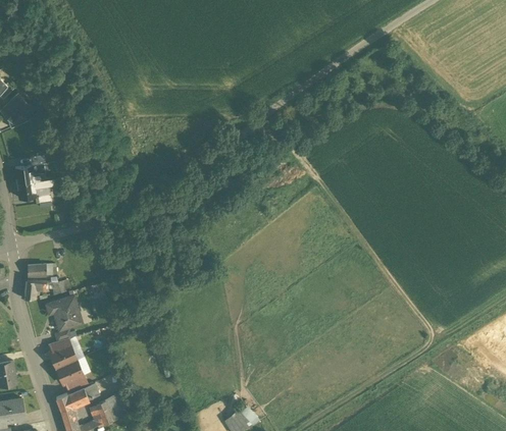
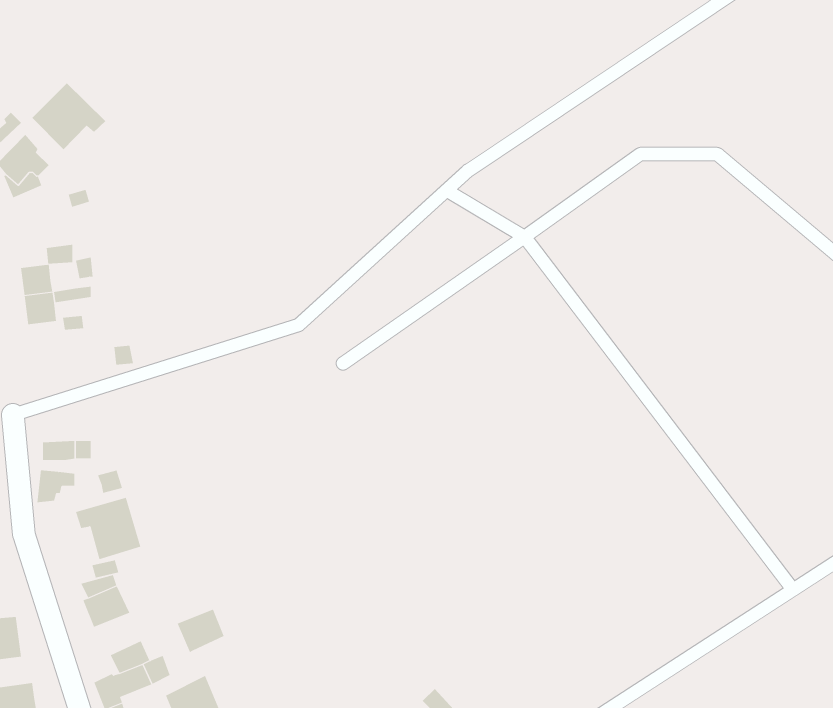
building: none -> [32,83,106,150]
building: [56,361,83,385] -> [177,609,224,653]

